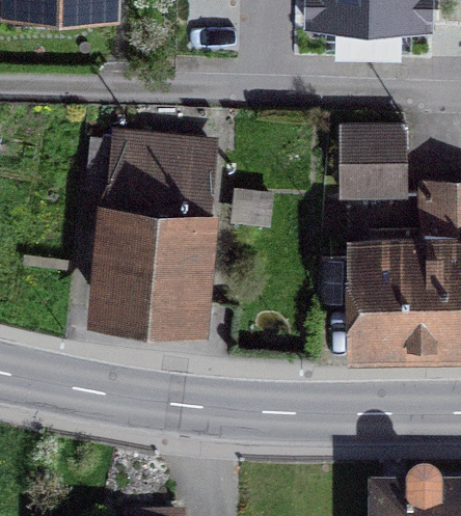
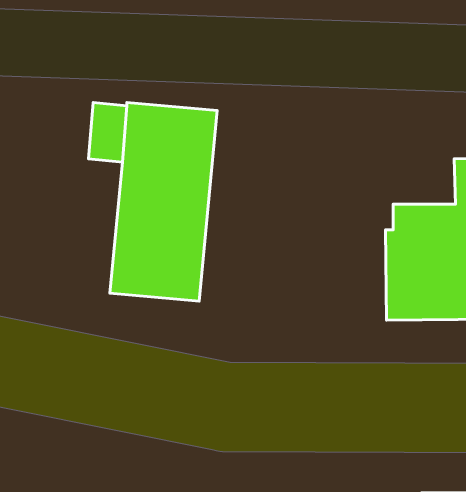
building: [342,127,405,195] -> none

